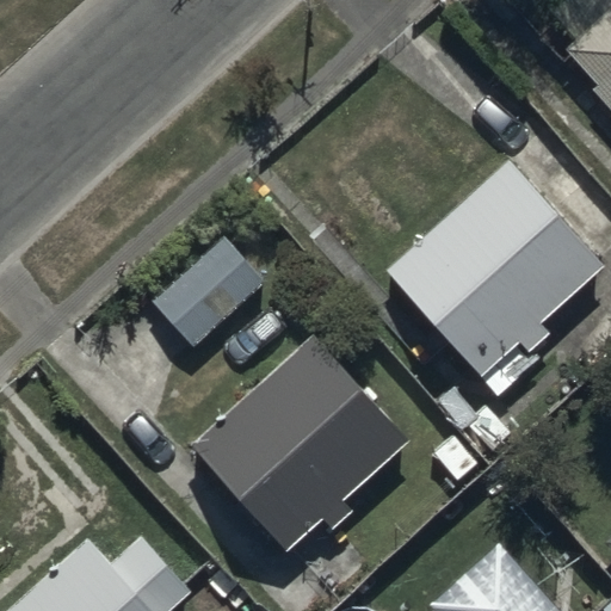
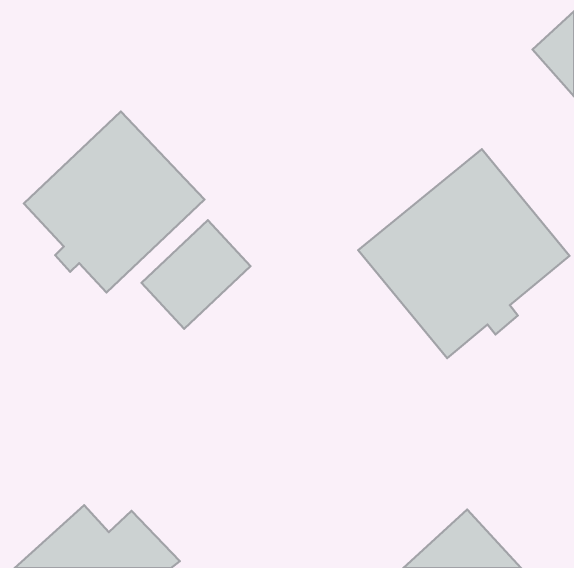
building: none -> [24,112,205,292]
building: [195,340,411,551] -> none

